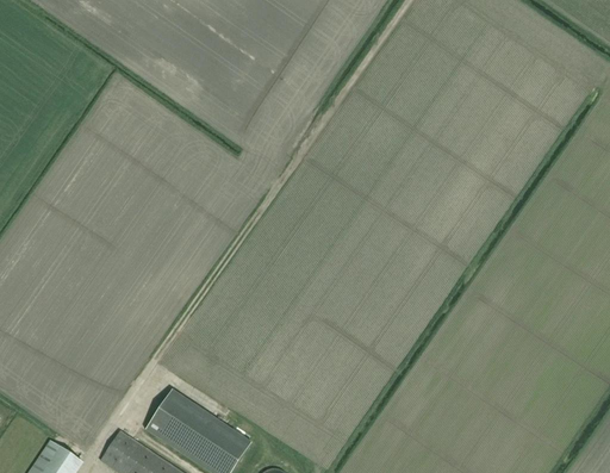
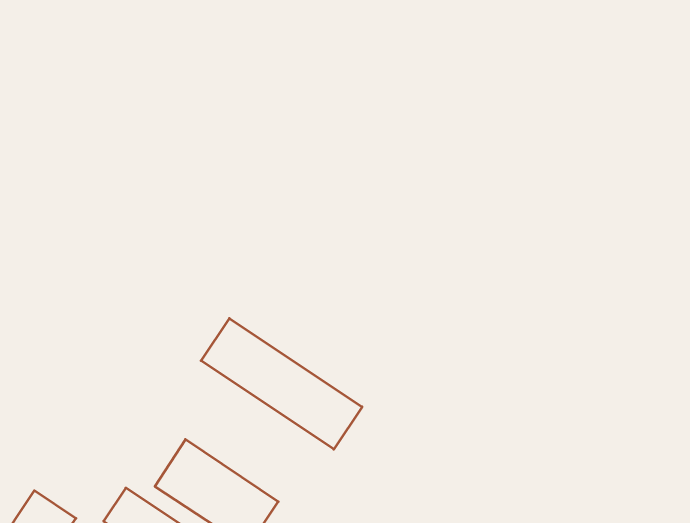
building: none -> [201,318,362,449]

